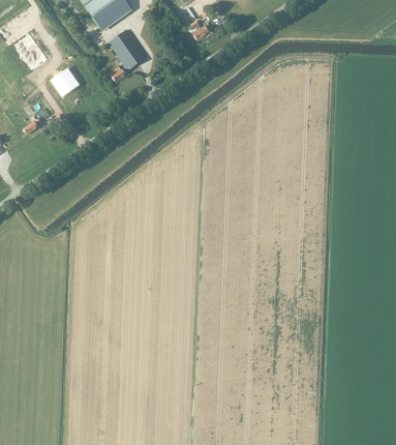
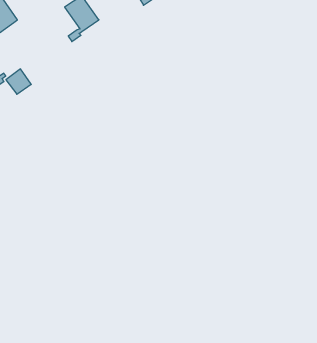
building: [50,67,79,96] -> [6,69,31,94]

